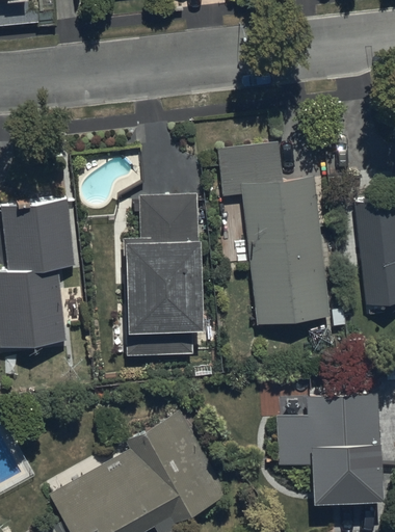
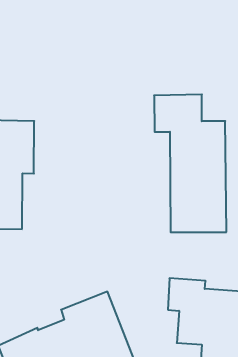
building: [127,197,201,357] -> none

